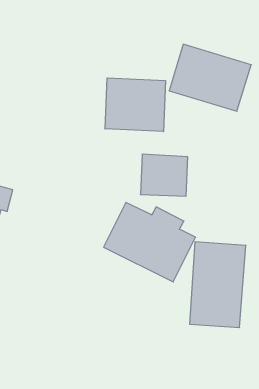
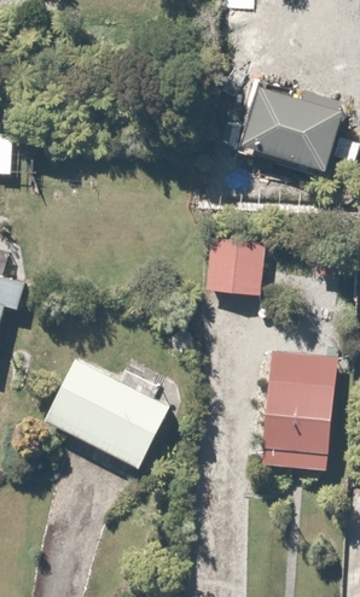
building: [105,78,165,132] -> none
building: [104,202,196,282] -> [50,359,174,467]

